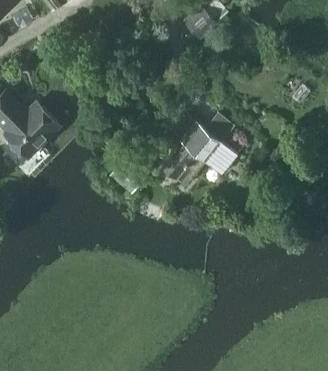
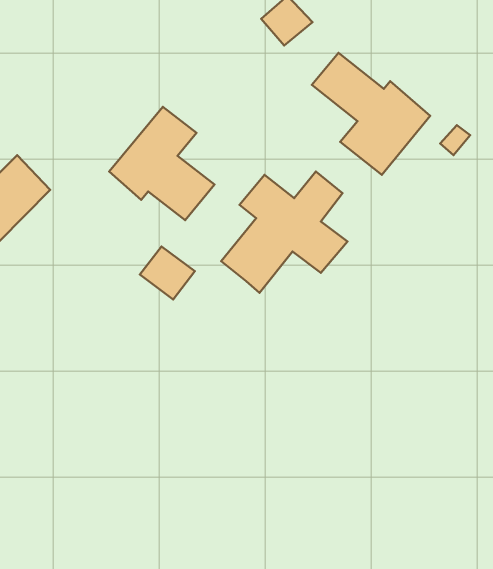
building: none -> [312,53,430,175]
building: none -> [109,107,214,220]

